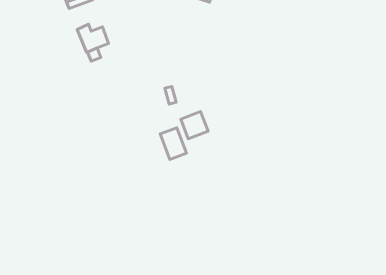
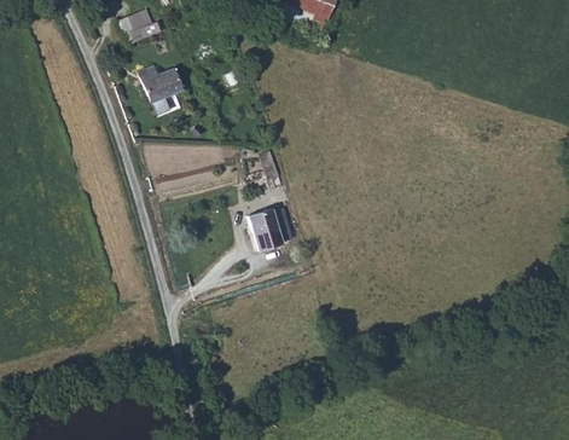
building: [181,111,208,139] -> none

